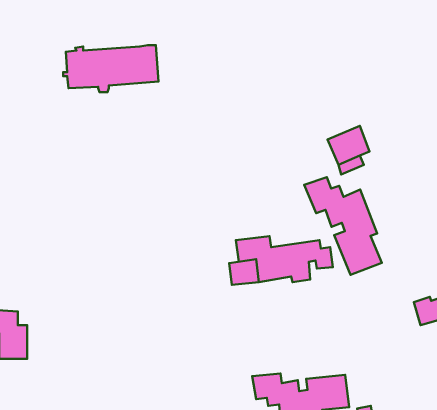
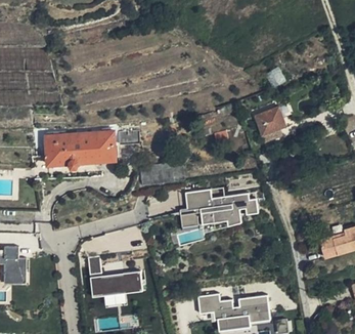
building: [63,45,159,92] -> [44,131,117,167]
building: [304,177,382,275] -> none
building: none -> [88,256,142,298]

